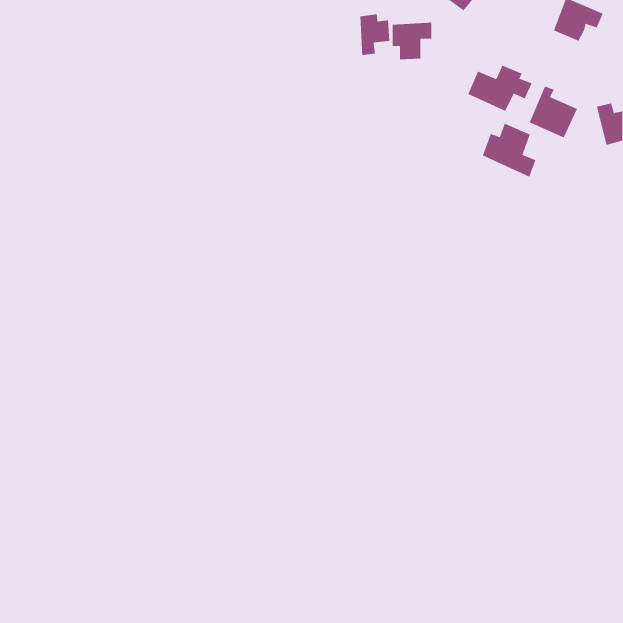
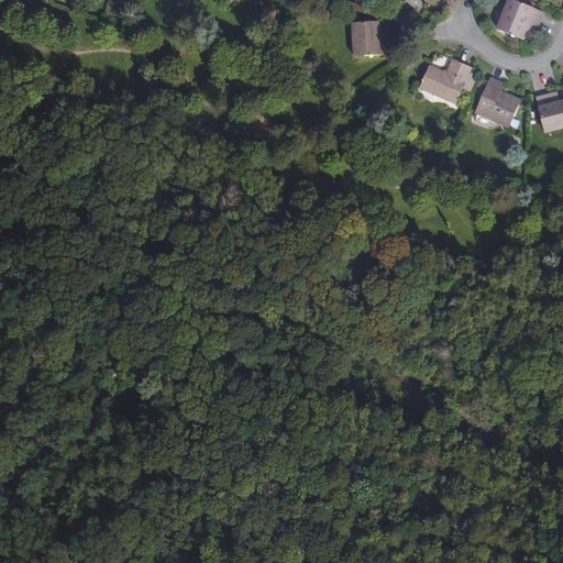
building: [360,14,390,56] -> none
building: [482,123,536,177] -> none

